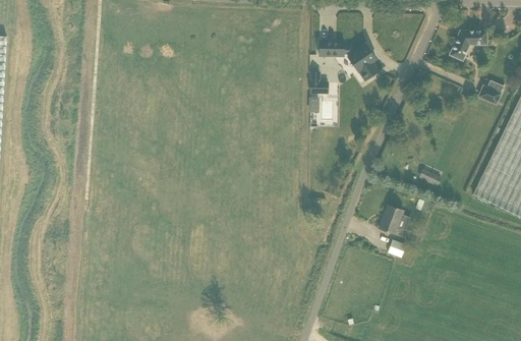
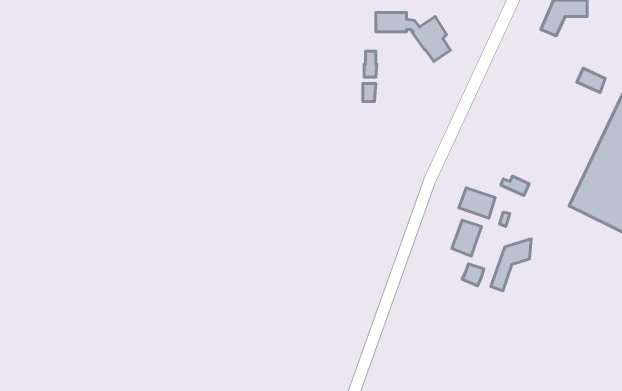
building: none -> [459,188,495,218]
building: none -> [491,239,531,291]

